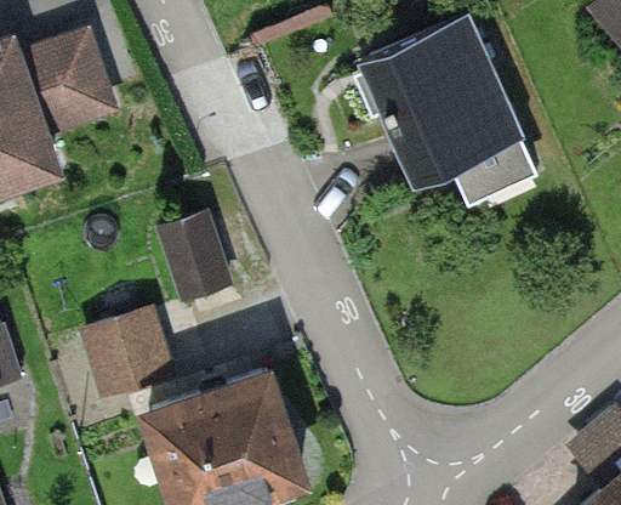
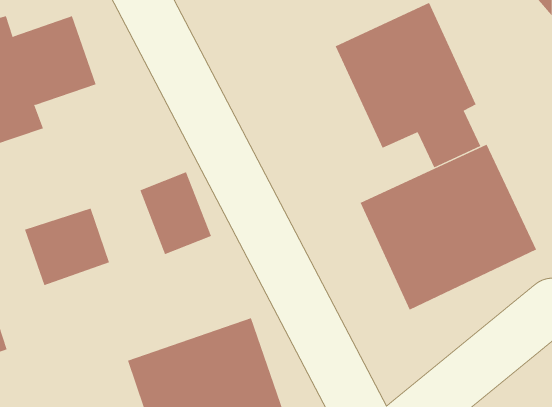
building: none -> [360,144,537,310]
building: [75,312,170,398] -> [24,208,110,286]

